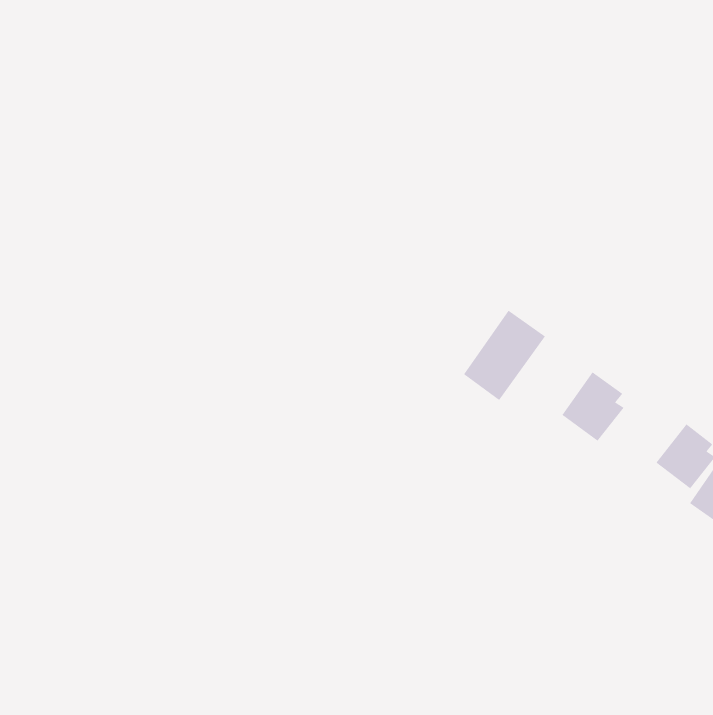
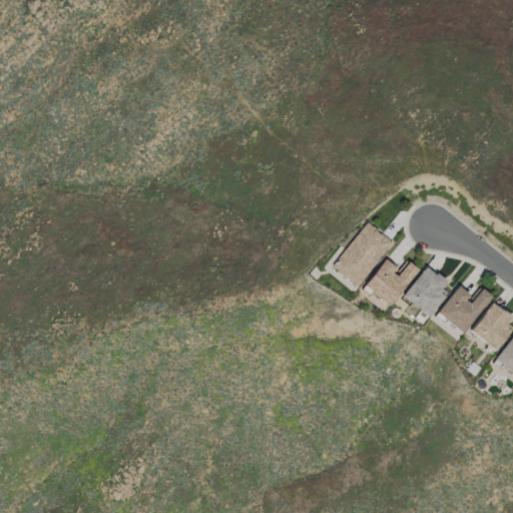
building: none -> [365,260,419,307]
building: none -> [438,287,492,334]

